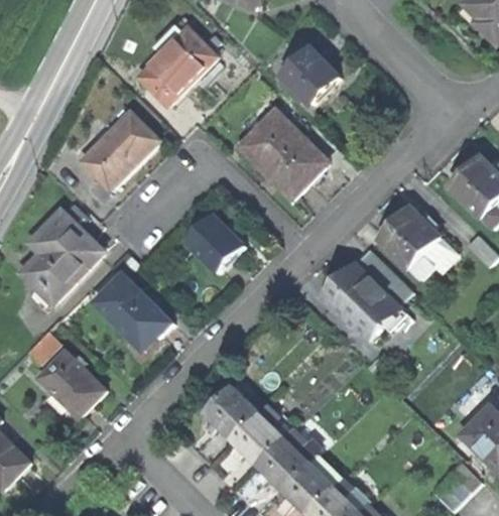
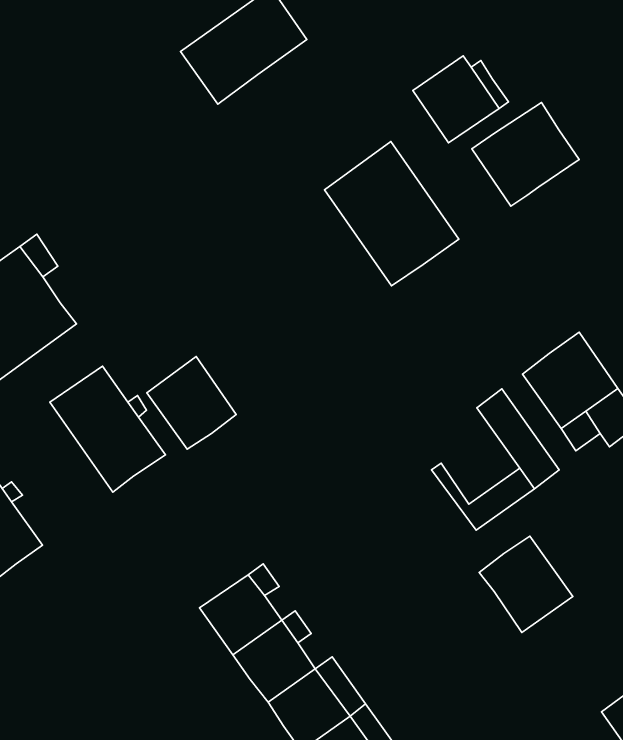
building: none -> [472,103,579,206]
building: [82,114,157,189] -> none
building: [186,216,243,273] -> [147,356,236,449]
building: [328,263,387,322] -> [479,536,573,633]

